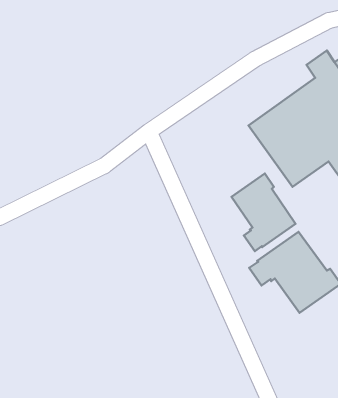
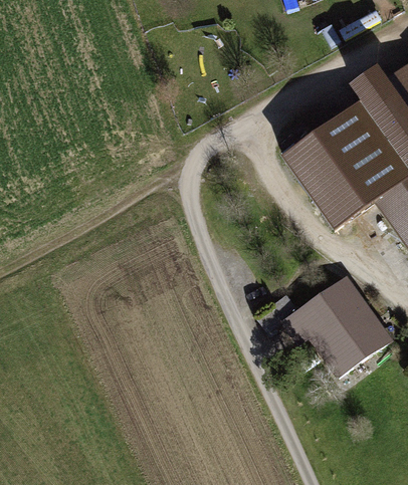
building: [232,174,295,251] -> none

